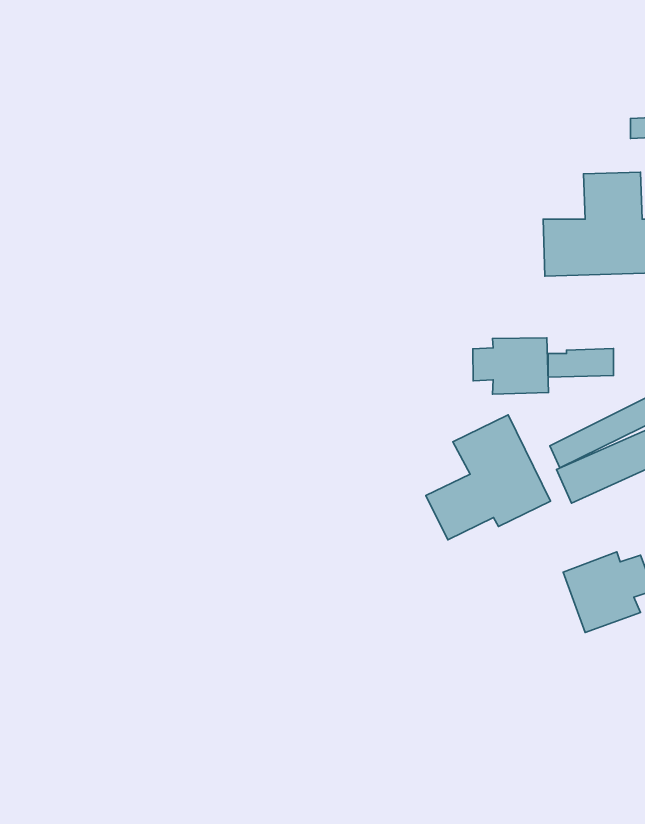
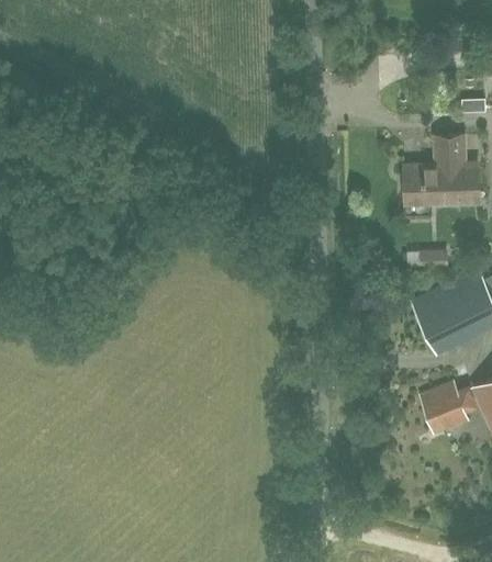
building: [473,338,549,394] -> none
building: [426,415,551,540] -> none

